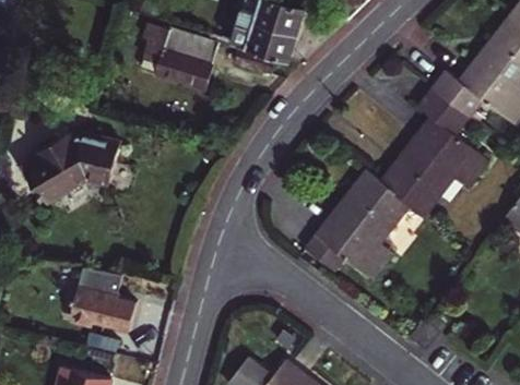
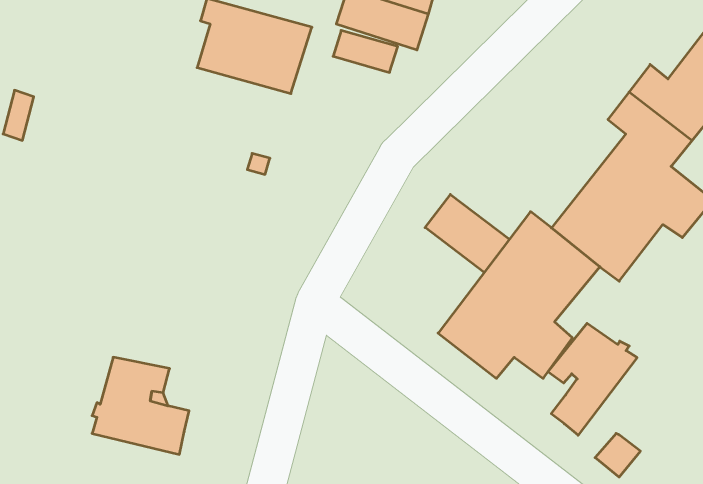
building: [23,132,121,204] -> none
building: none -> [425,194,509,272]
building: none -> [548,323,637,435]

